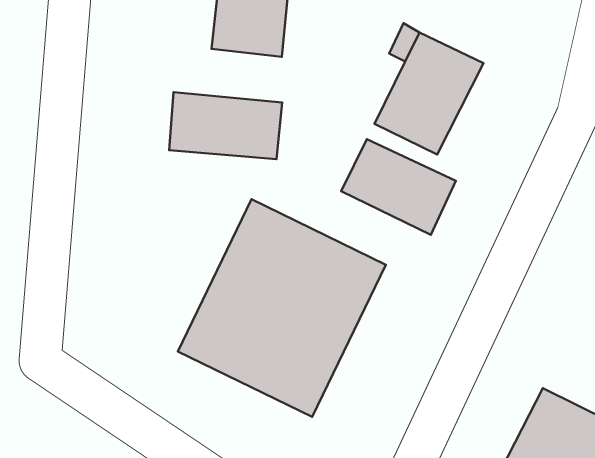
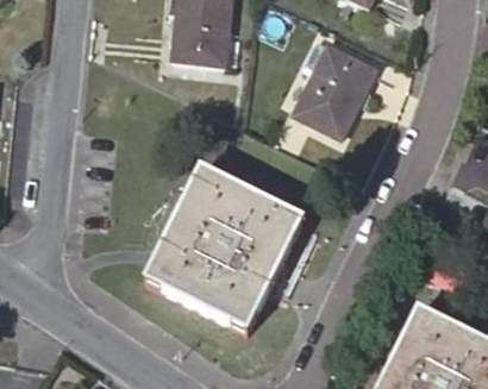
building: [169,92,282,159] -> none
building: [341,139,456,235] -> none

